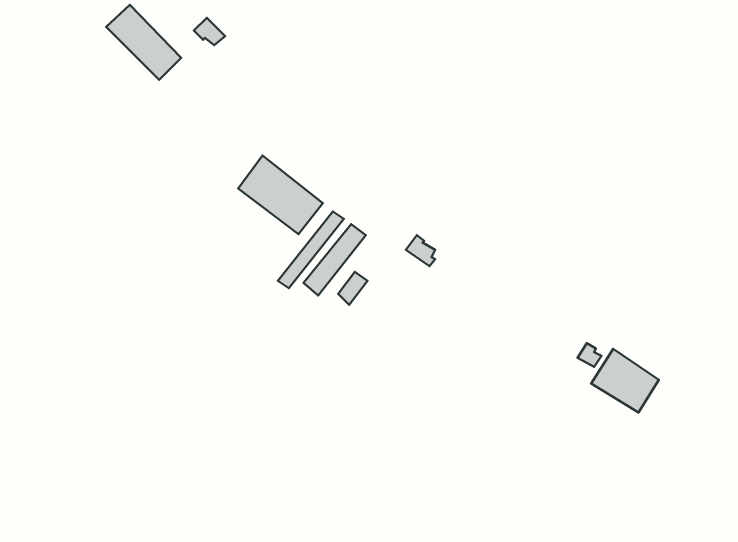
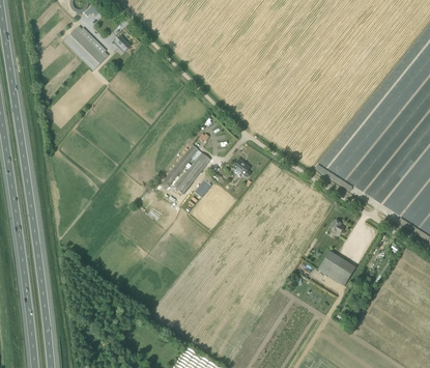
building: [238,156,323,234] -> none
building: [591,349,659,413] -> [318,249,356,285]

